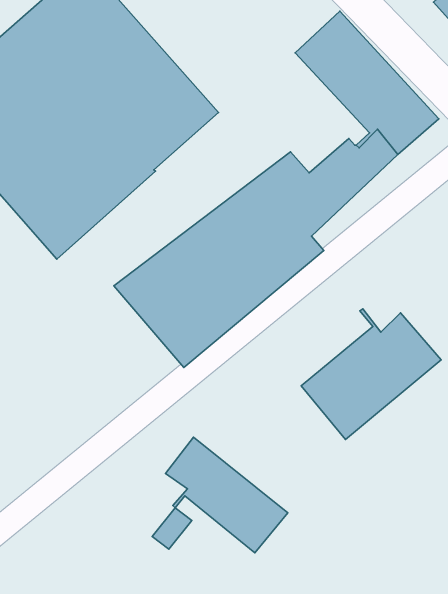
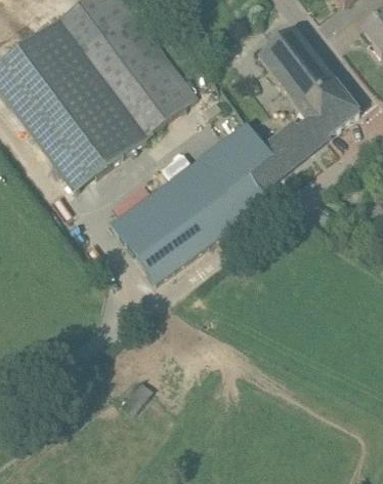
building: [301,309,441,440] -> none
building: [166,437,288,553] -> none

